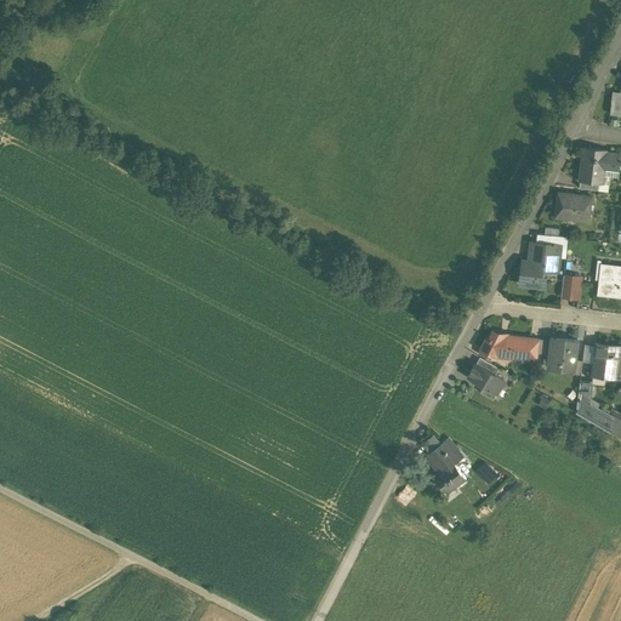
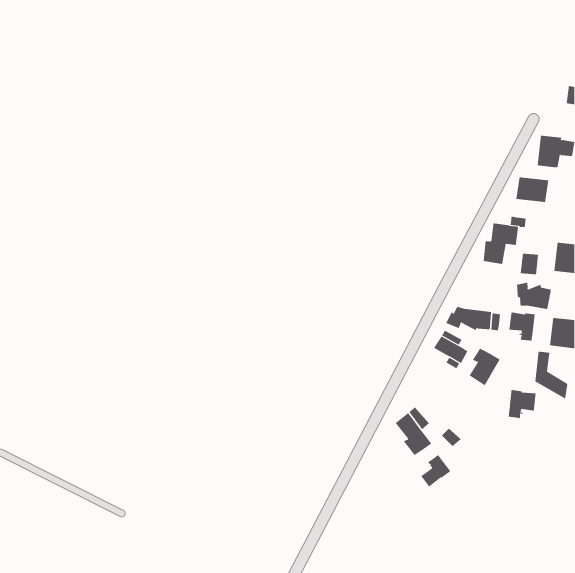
building: none -> [516,282,551,310]
building: none -> [469,348,501,386]
building: none -> [508,389,536,419]
building: none -> [420,454,451,487]

